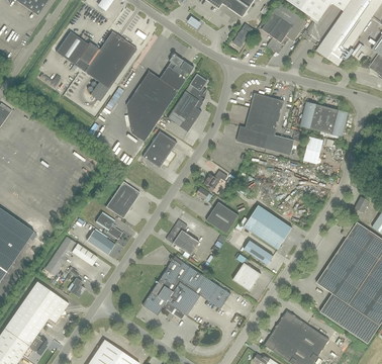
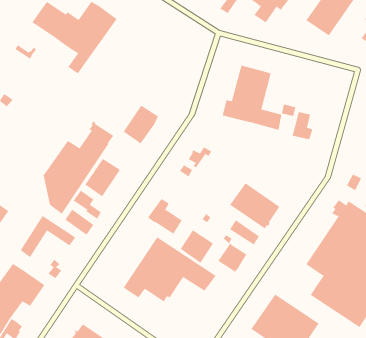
building: [126,53,194,142] -> [43,121,114,214]
building: [168,75,207,131] -> none
building: [309,103,340,133] -> none
building: [206,201,238,234] -> [180,230,214,264]

